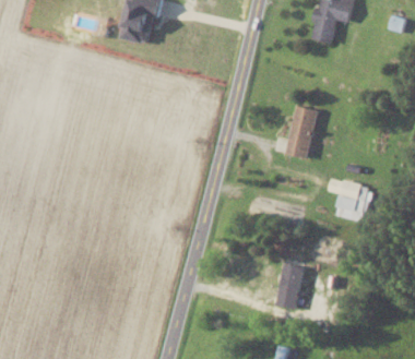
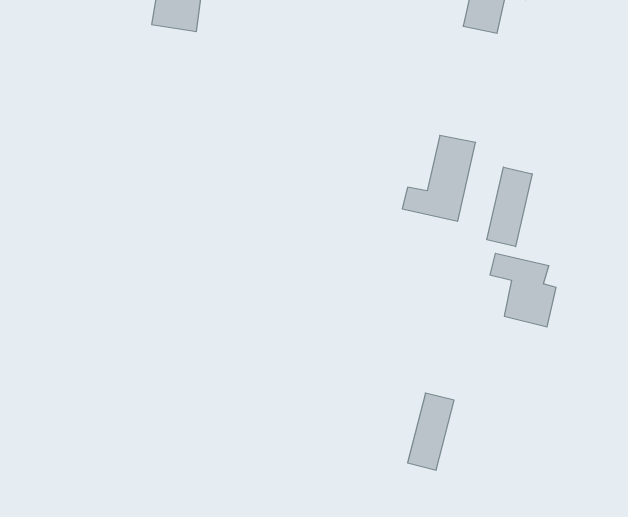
building: none -> [487,167,532,247]

